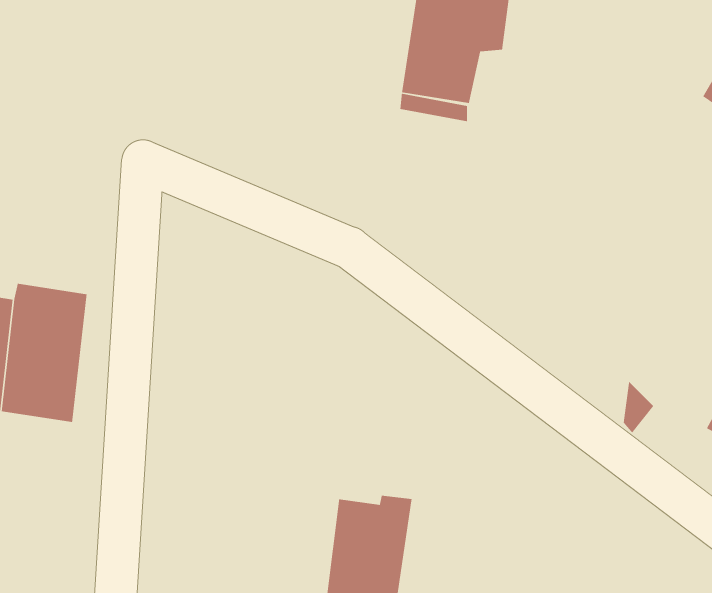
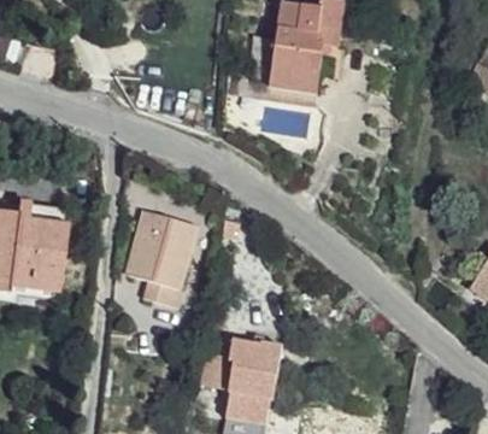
building: none -> [127,209,192,307]

